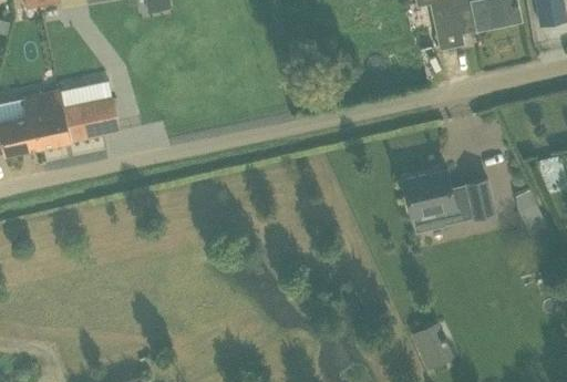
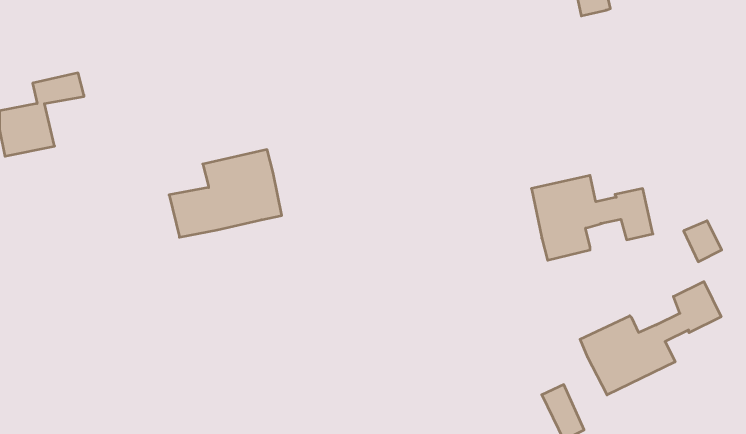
building: [34,80,120,146] -> [169,150,282,237]
building: none -> [580,282,721,395]

